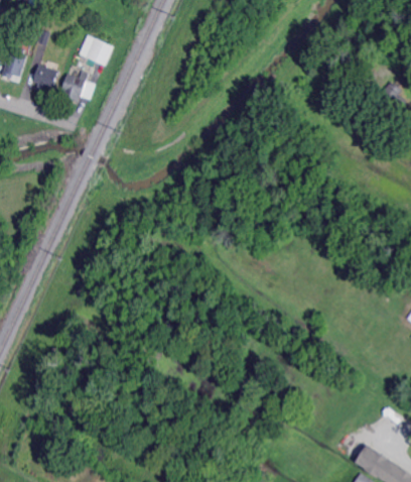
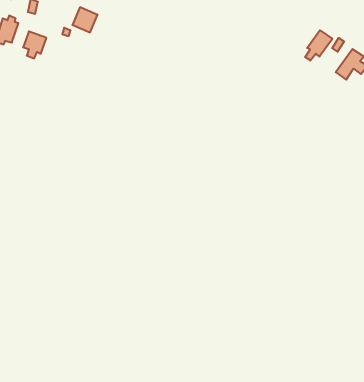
building: none -> [305,30,332,61]
building: [60,71,89,101] -> none

